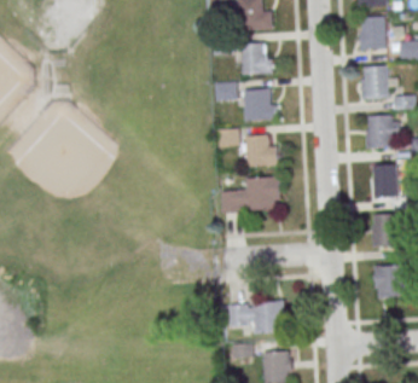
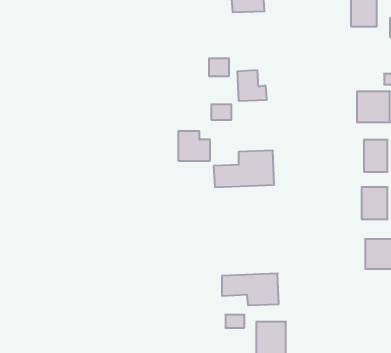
building: [242,47,272,79] -> none
building: [360,65,389,98] -> none
building: [246,135,279,166] -> [178,131,210,161]

